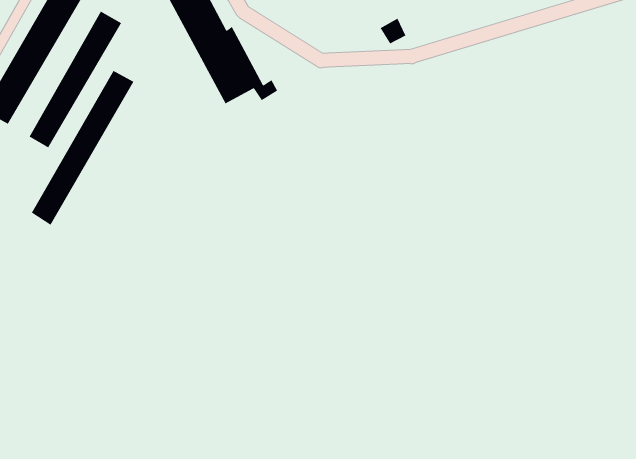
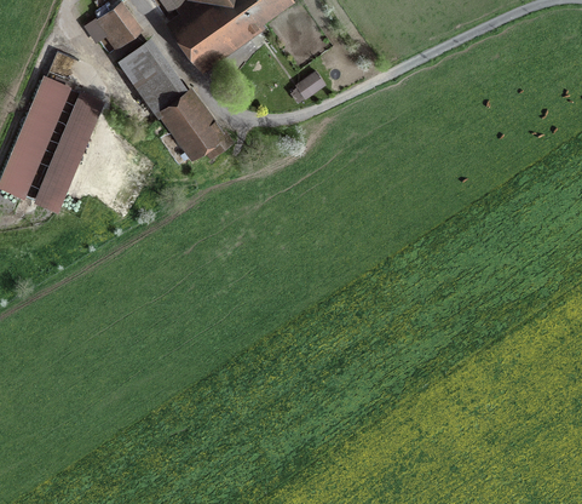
building: [31,70,135,226] -> none

